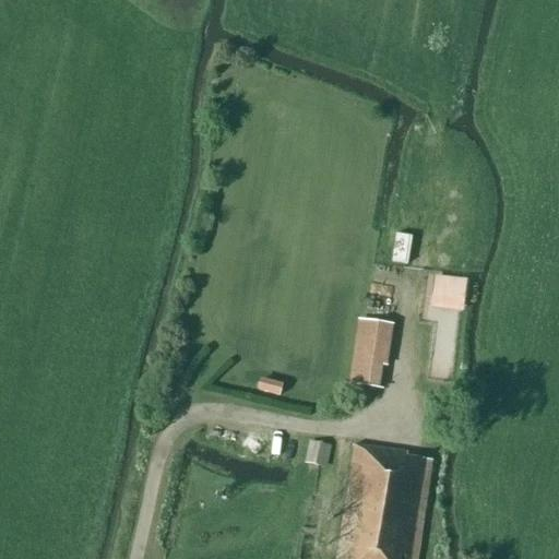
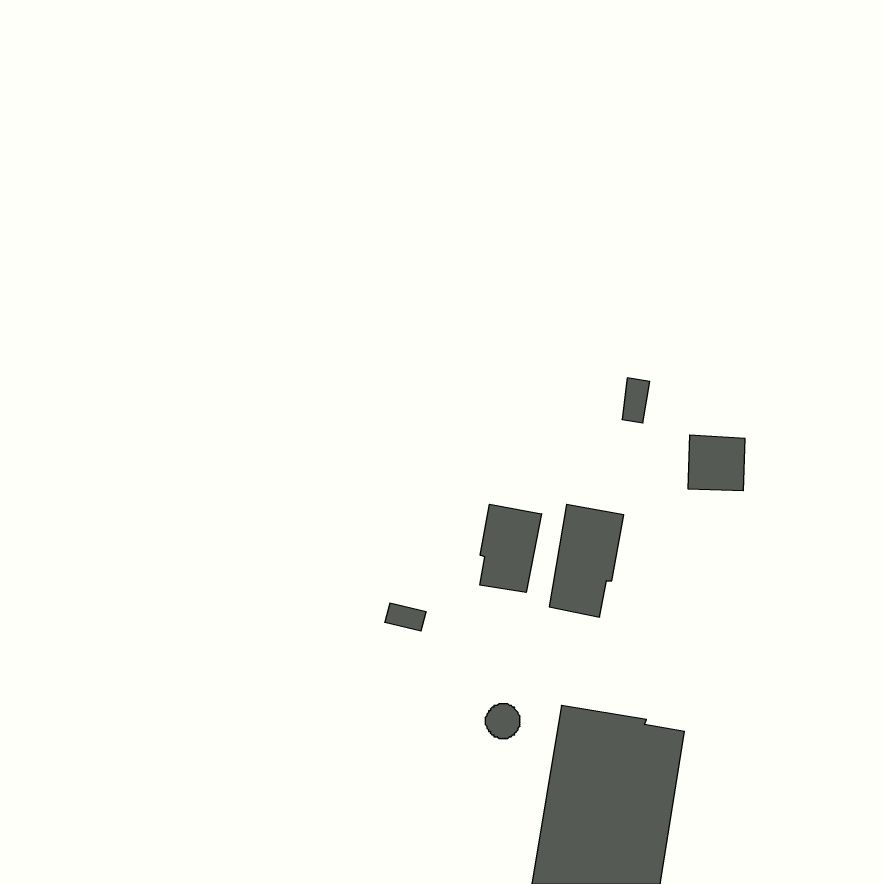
building: none -> [480,504,542,592]

